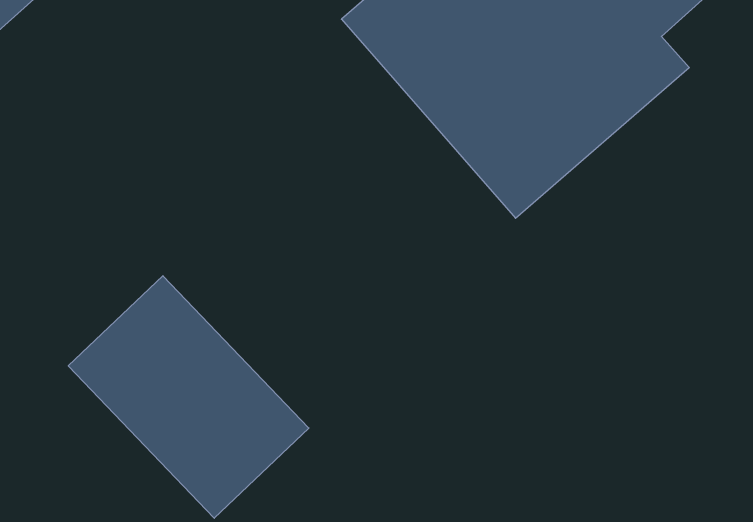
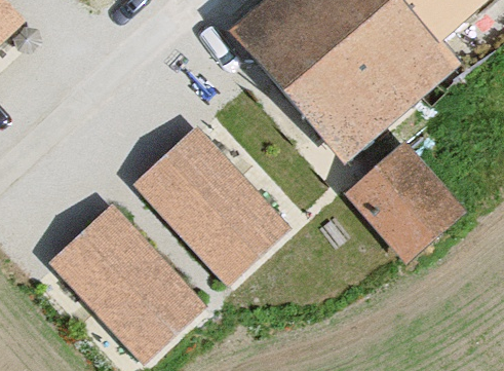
building: none -> [131,124,292,286]
building: none -> [343,139,465,262]

